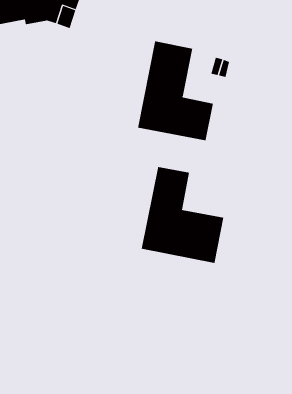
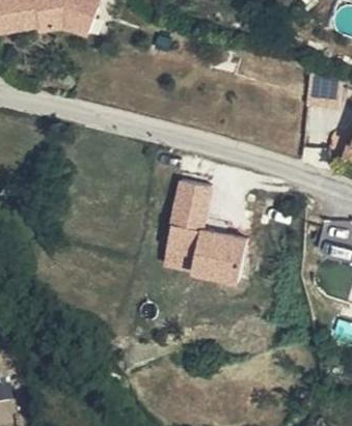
building: [138,41,214,141] -> none

